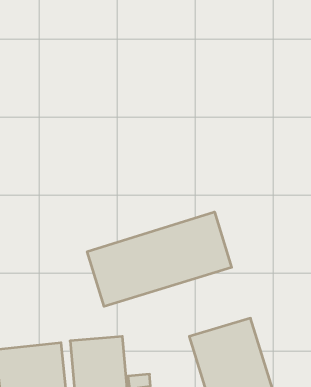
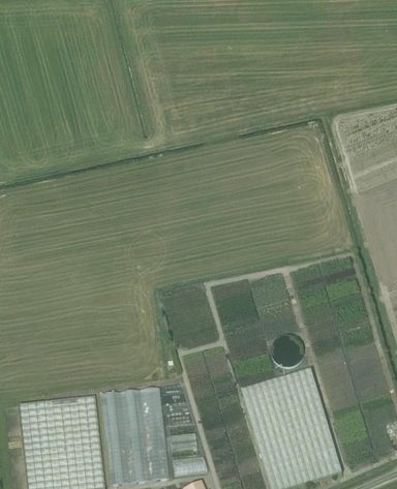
building: [87,212,232,306] -> none

